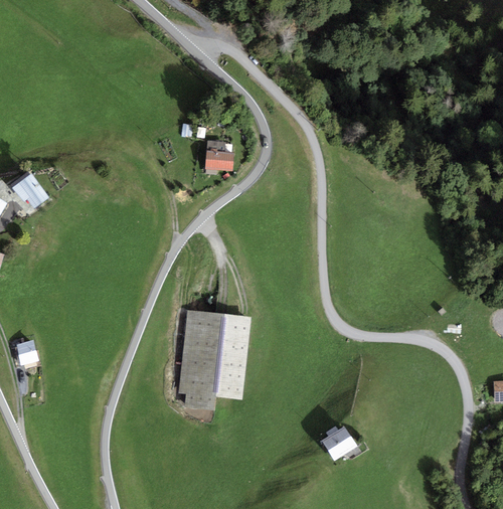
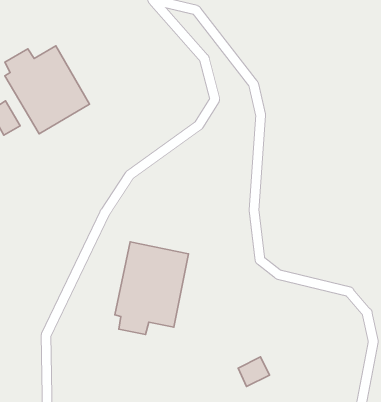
building: none -> [5,46,89,134]
building: [204,147,232,166] -> none

